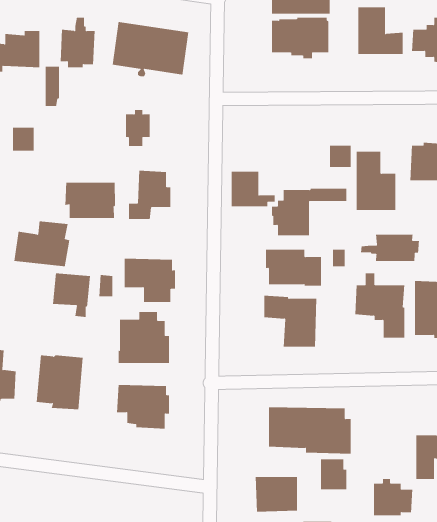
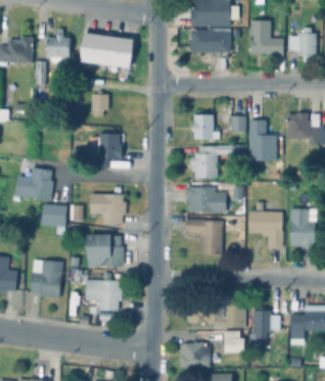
building: [231,171,276,207] -> [194,114,225,139]
building: [65,182,116,219] -> none
building: [361,234,419,262] -> none
building: [373,479,413,516] -> [253,307,281,333]

